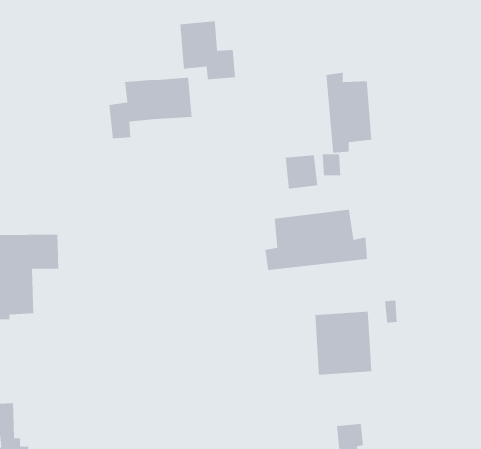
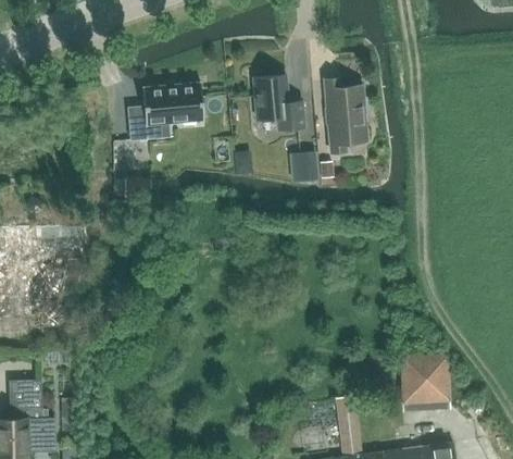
building: [180,20,236,80] -> [253,75,304,129]
building: [265,209,368,271] -> none
building: [314,311,372,375] -> [397,353,449,412]

